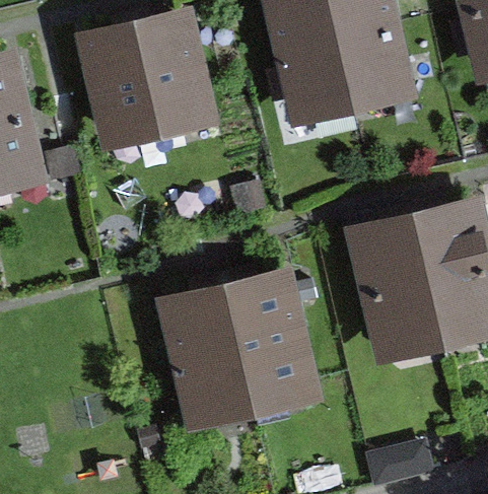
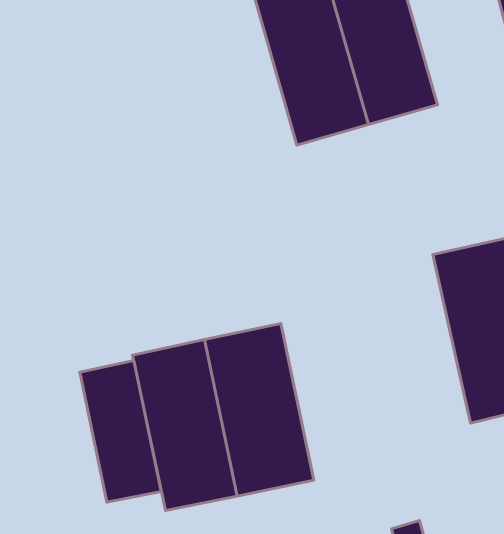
building: [70,13,217,156] -> none
building: [349,221,443,376] -> none
building: none -> [80,360,161,502]

